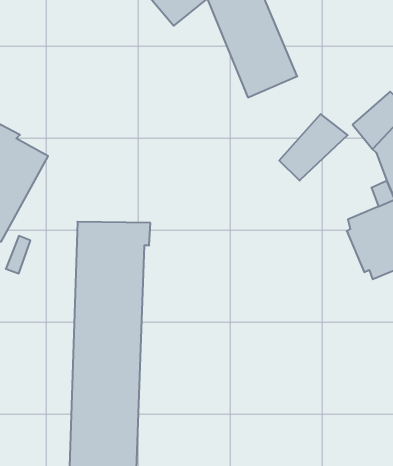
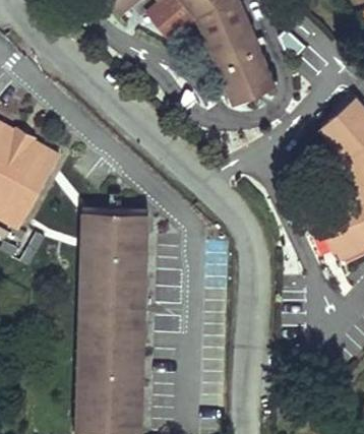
building: [279,114,348,181] -> none

